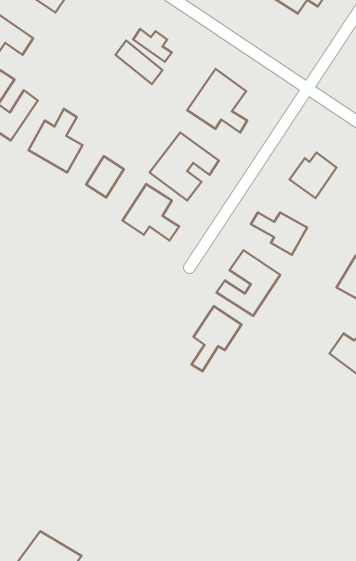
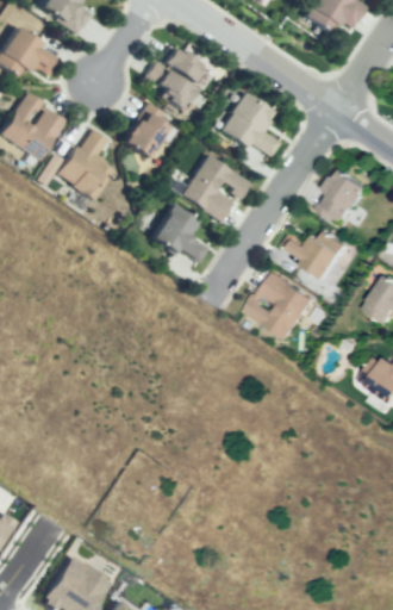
building: [86,156,124,198] -> [131,111,169,152]
building: [192,306,241,371] -> none

